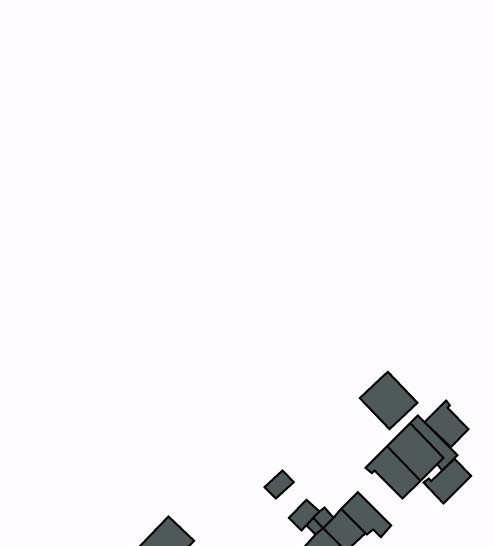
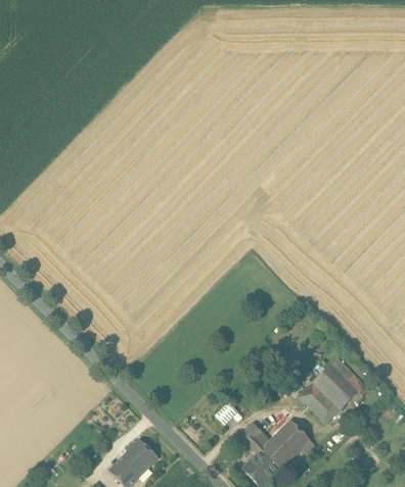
building: [360,372,418,429] -> none
building: [425,400,469,447] -> none
building: [424,459,471,504] -> none

